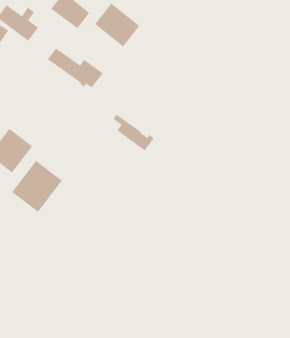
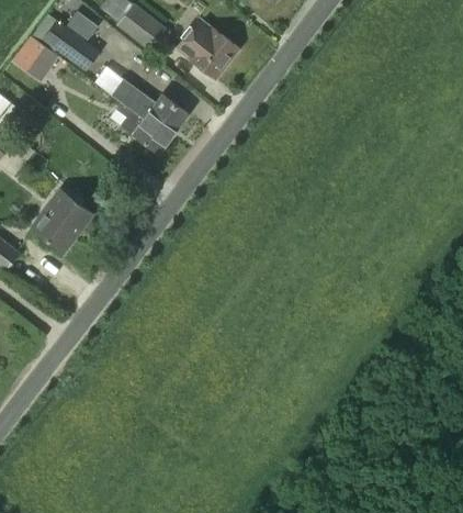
building: [113,114,154,151] -> [115,101,172,153]
building: [11,160,63,213] -> none

